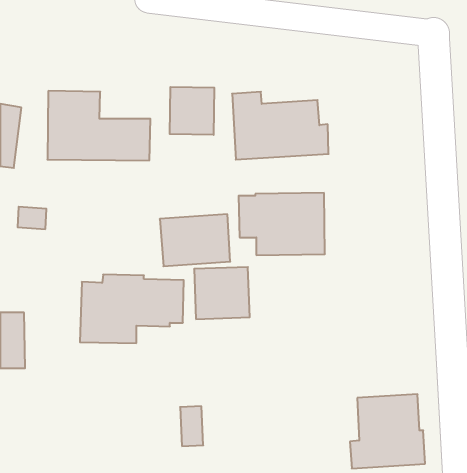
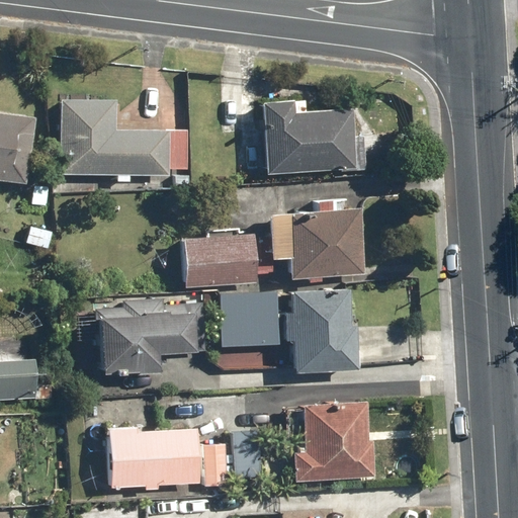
building: [170,87,214,135] -> none
building: none -> [283,290,357,374]
building: none -> [105,428,202,488]
building: [350,394,425,468] -> [293,401,375,482]

